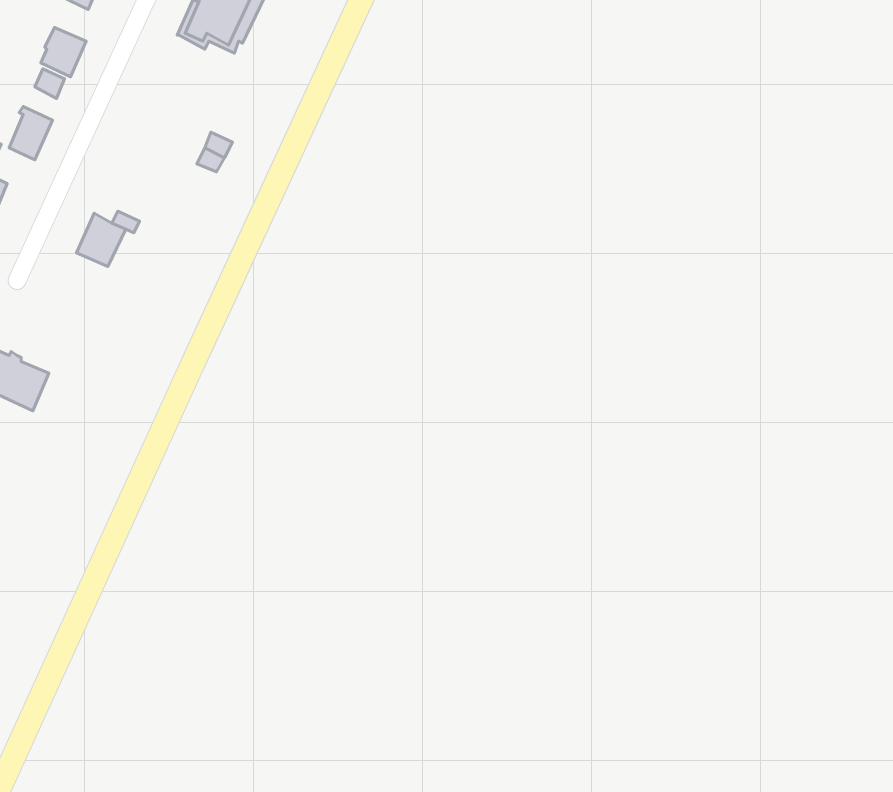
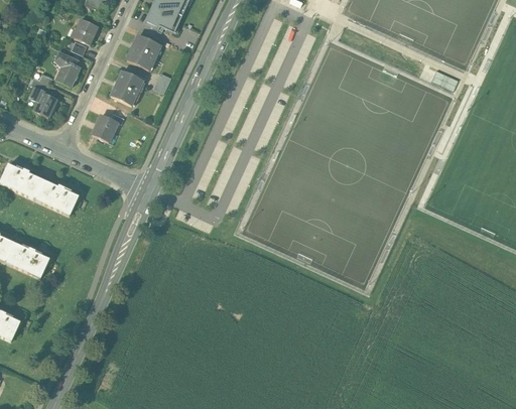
building: none -> [126,34,160,70]
building: none -> [110,71,143,105]

